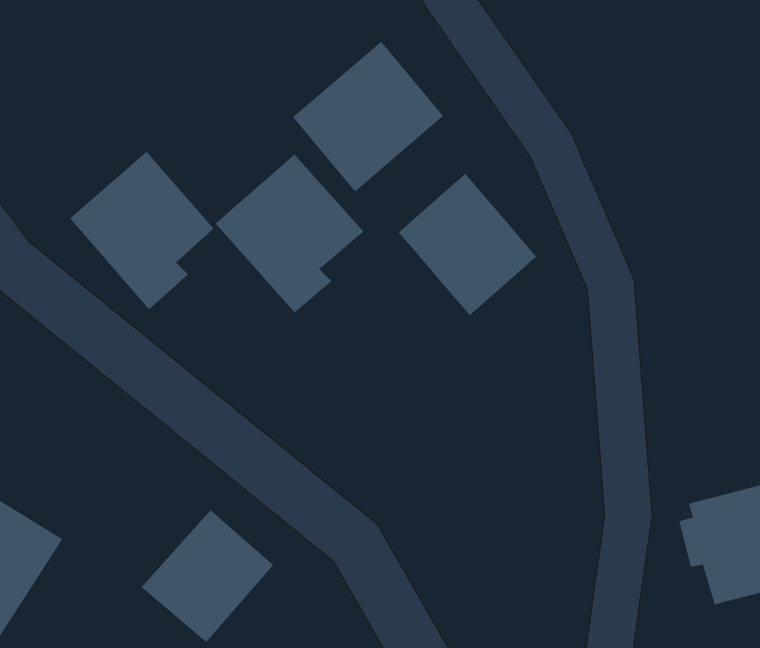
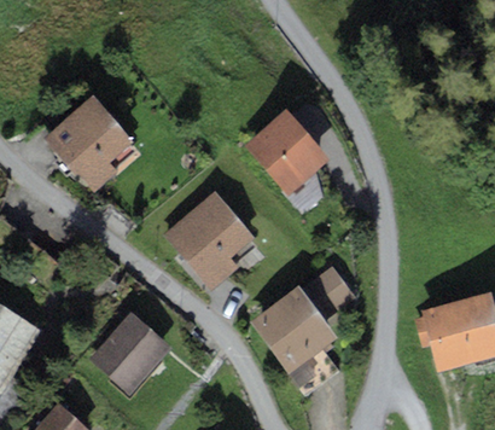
building: [292,41,444,192] -> none
building: [215,154,364,313] -> [164,191,255,287]
building: none -> [251,268,356,374]

